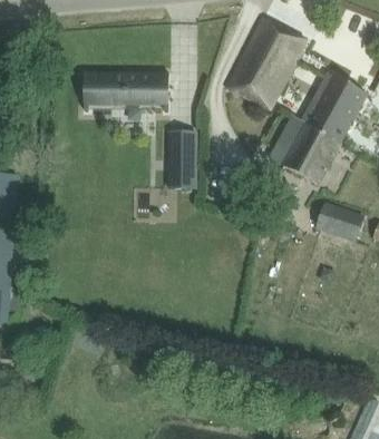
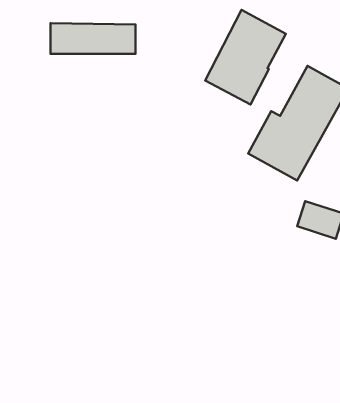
building: [84,72,167,103] -> [50,23,136,54]
building: [169,131,196,188] -> none

